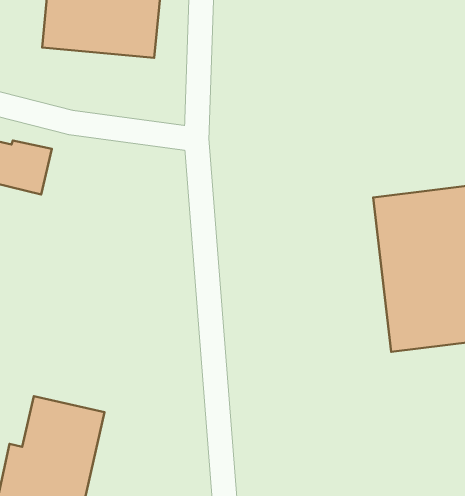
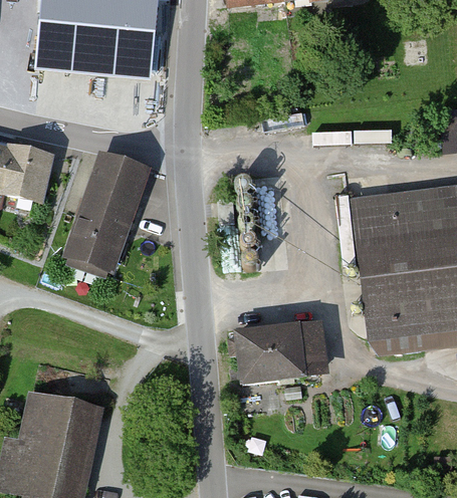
building: none -> [62,152,151,277]
building: none -> [238,325,319,383]

